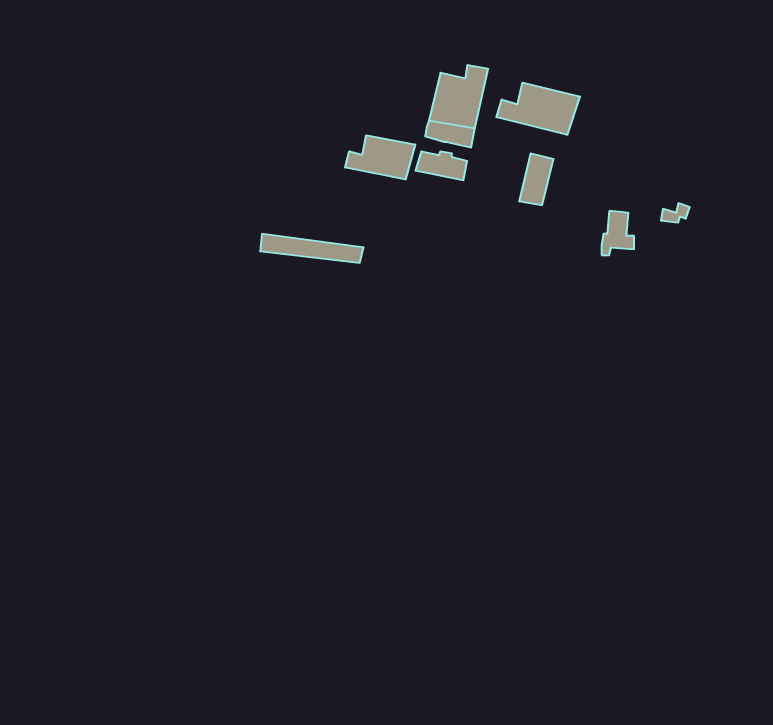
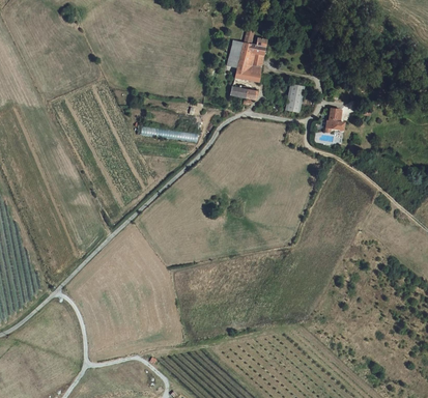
building: [496,83,580,135] -> none
building: [345,135,415,180] -> none

